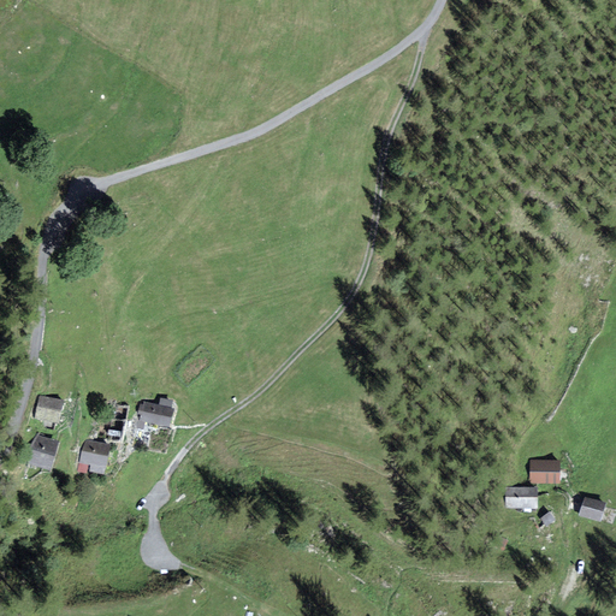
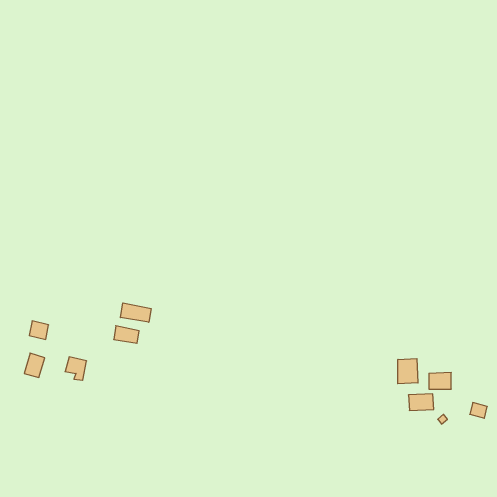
building: none -> [120,303,151,322]
building: none -> [398,359,418,384]

